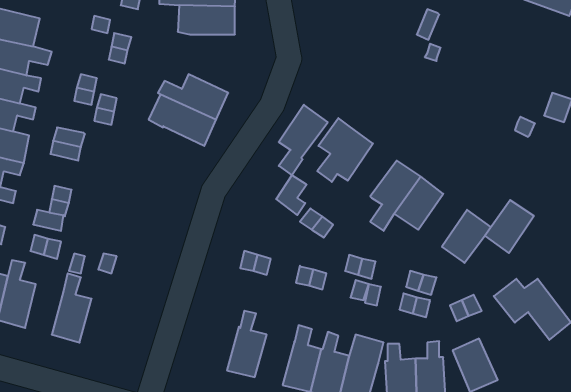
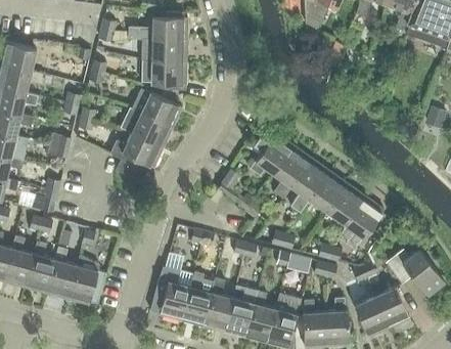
building: none -> [142,59,186,90]
building: [279,105,328,175] -> [273,145,311,200]
building: none -> [109,132,163,181]
building: [485,200,534,253] -> [327,184,365,225]
building: none -> [25,241,54,293]
building: none -> [66,255,105,304]
building: none -> [149,266,189,320]
building: none -> [201,277,232,332]
building: none -> [374,287,409,328]

